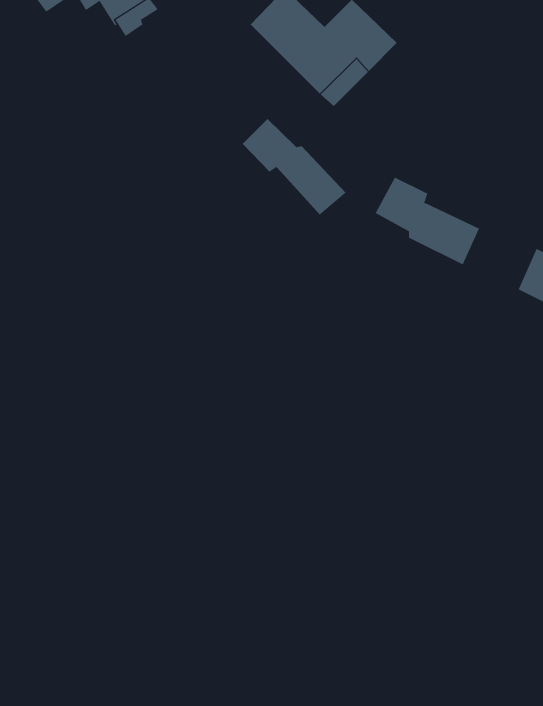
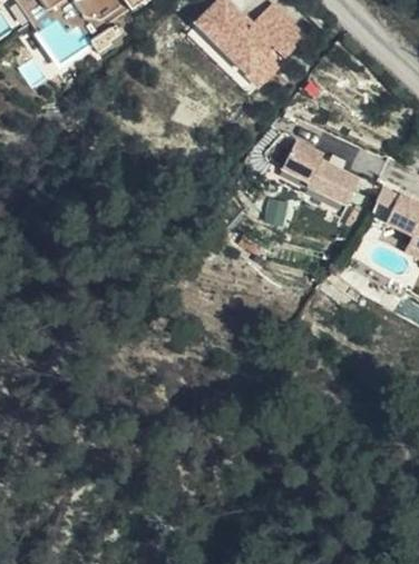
building: [242,118,347,216] -> none

